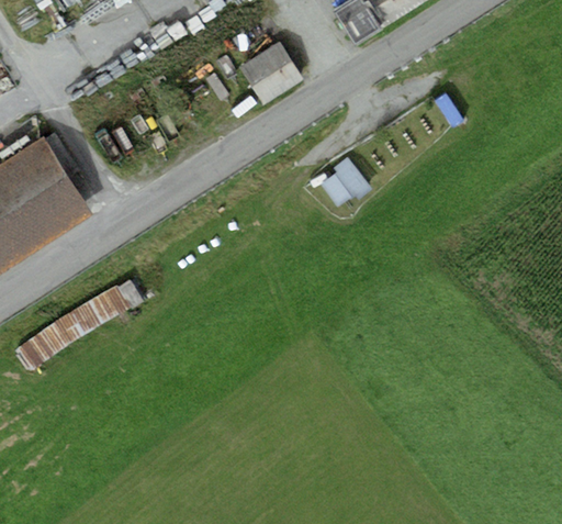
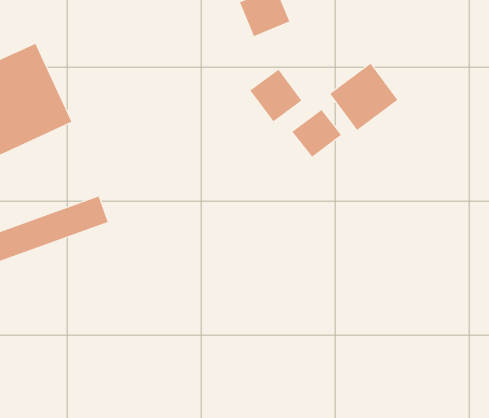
building: none -> [330,63,398,131]
building: none -> [249,69,302,122]

